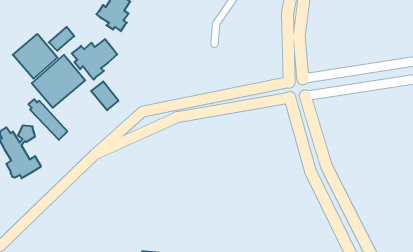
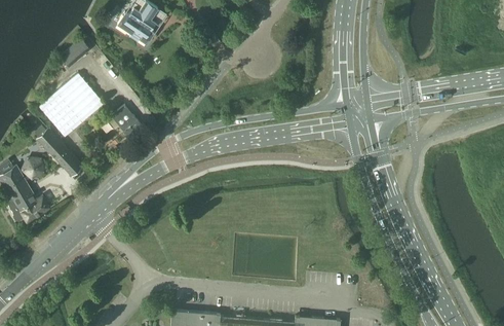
building: [13,34,58,79] -> none
building: [72,39,117,80] -> none

